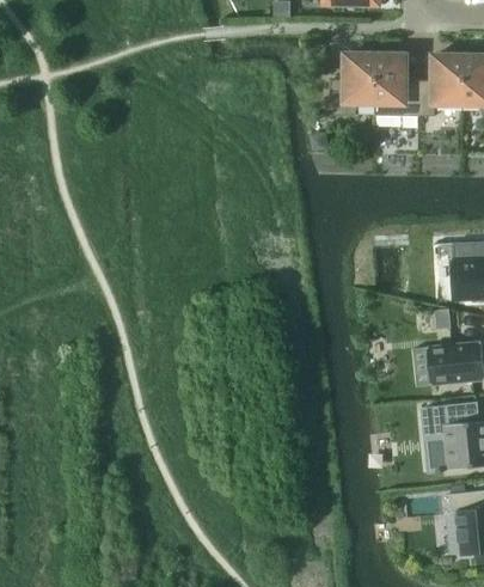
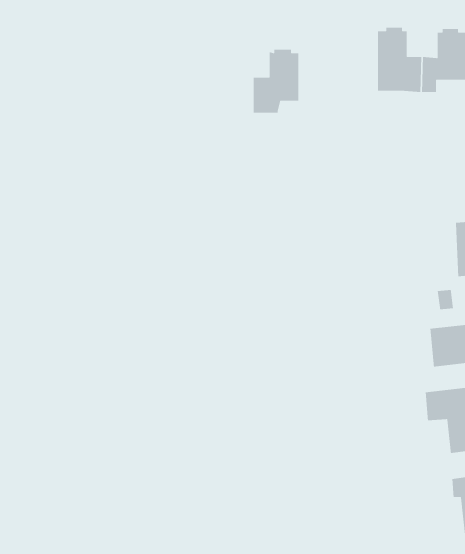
building: [329,51,374,115] -> [253,49,299,114]

